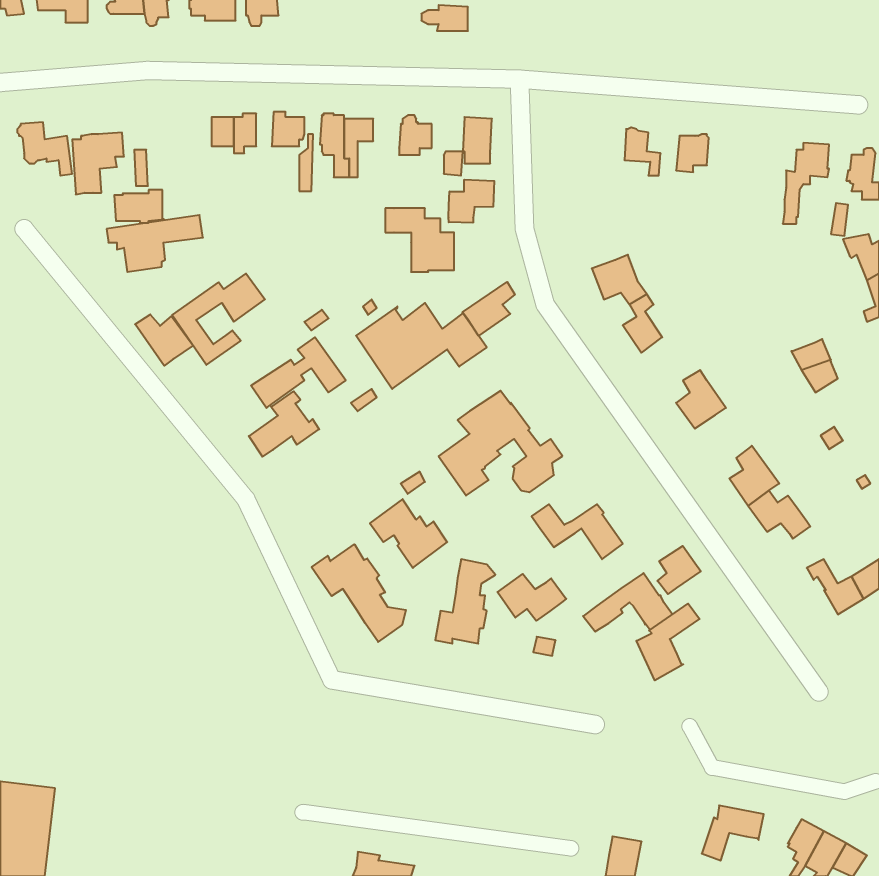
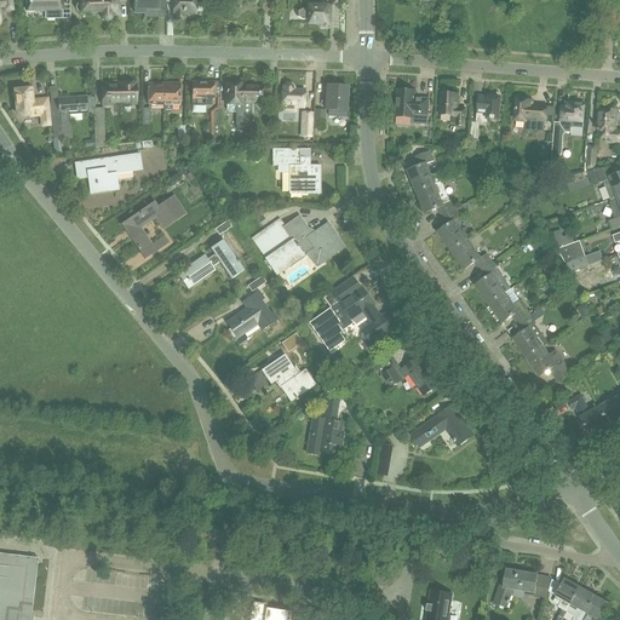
building: none -> [395,88,429,124]
building: none -> [516,96,546,128]
building: [449,180,494,223] -> none
building: [114,190,164,223] -> [102,80,137,103]
building: none -> [408,149,442,189]
building: [462,282,515,336] -> none
building: [135,314,193,366] -> none
building: none -> [452,237,493,268]
building: [249,391,319,457] -> [226,289,276,335]
building: none -> [489,292,532,322]
building: [312,544,406,642] -> none
building: [657,546,701,594] -> none
building: [497,574,566,621] -> none
building: [636,604,700,680] -> none

